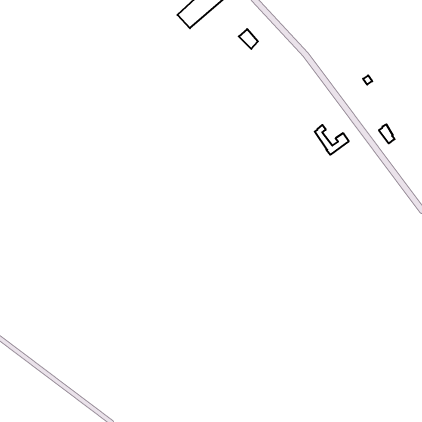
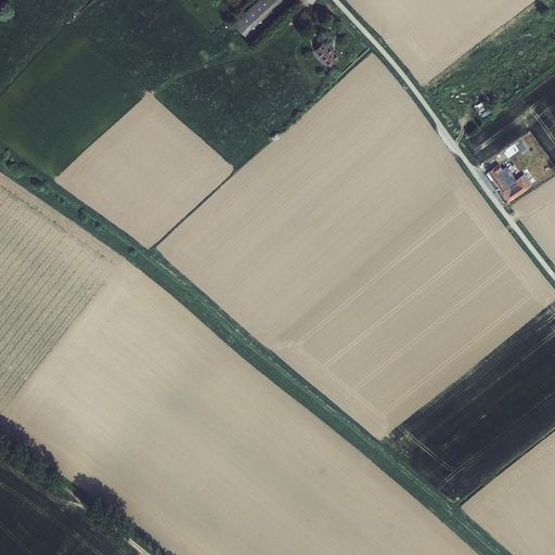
building: [315,125,349,155] -> [486,160,530,199]

